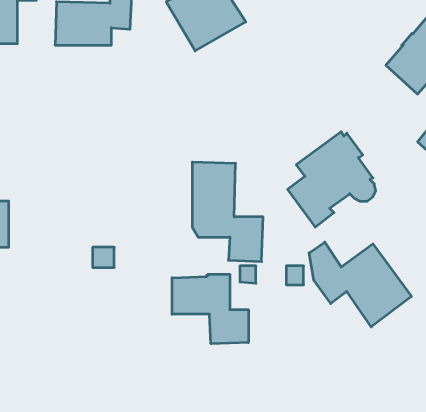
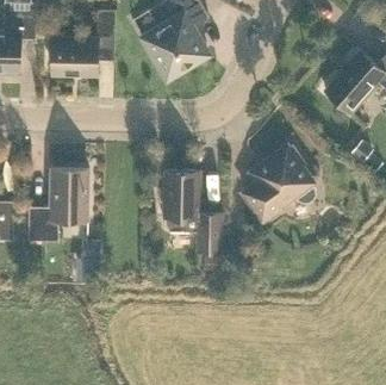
building: none -> [27,169,88,241]
building: [309,242,411,327] -> none
building: [172,274,248,344] -> none

